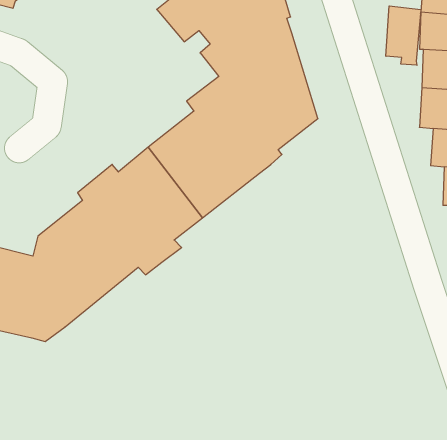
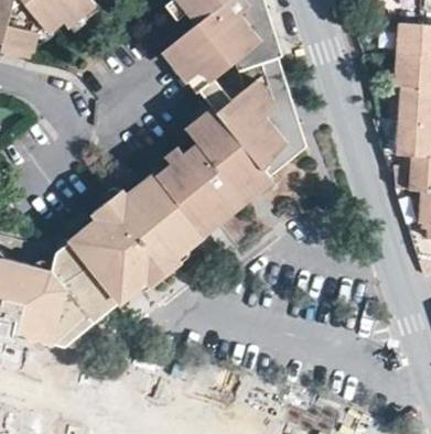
building: [386,6,421,65] -> none

